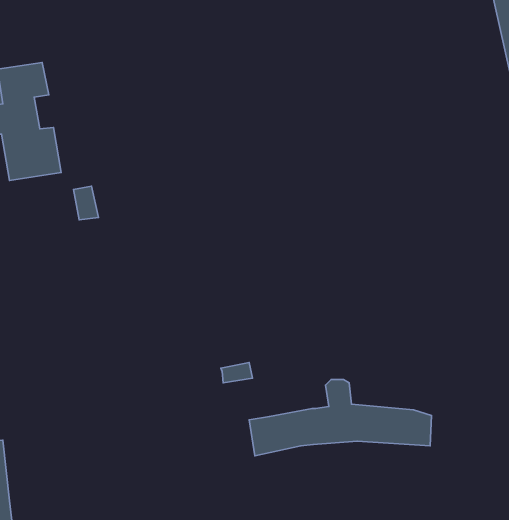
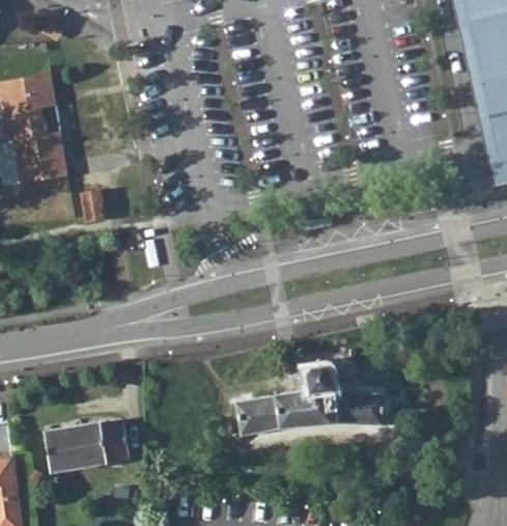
building: none -> [45,418,129,474]

